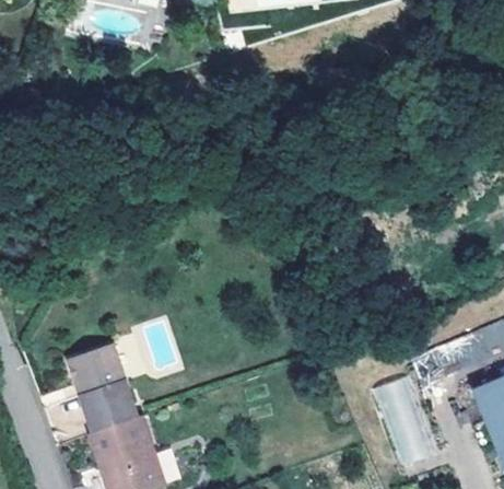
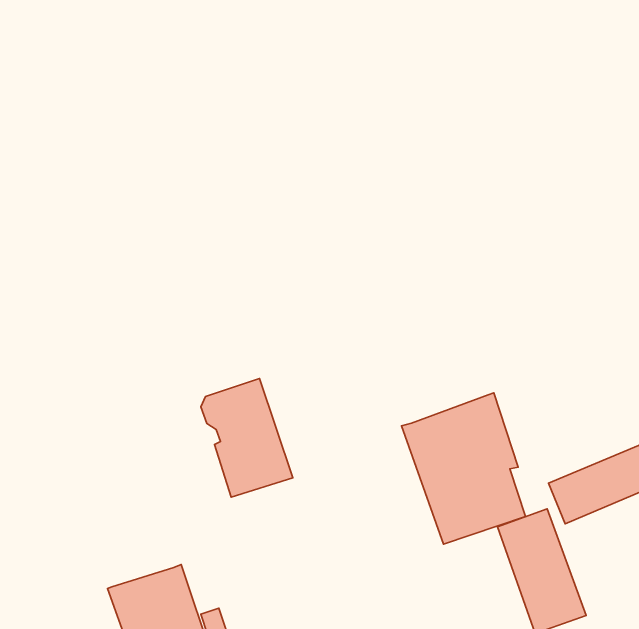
building: none -> [402,393,525,544]
building: [71,346,138,432] -> [201,378,293,497]

